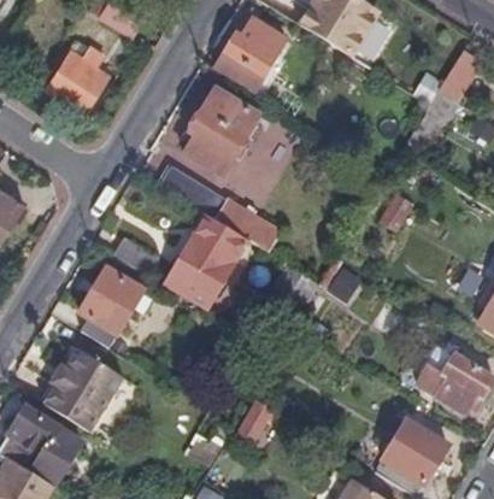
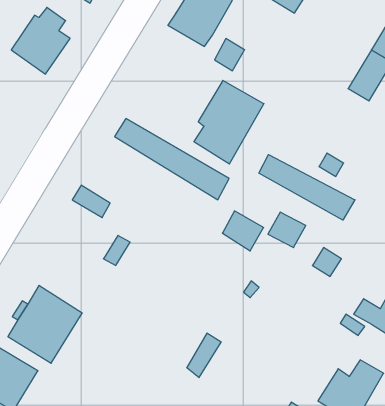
building: [183,86,259,176] -> [194,80,264,164]
building: none -> [259,155,355,220]
building: [166,234,237,307] -> none
building: [78,265,142,347] -> none

